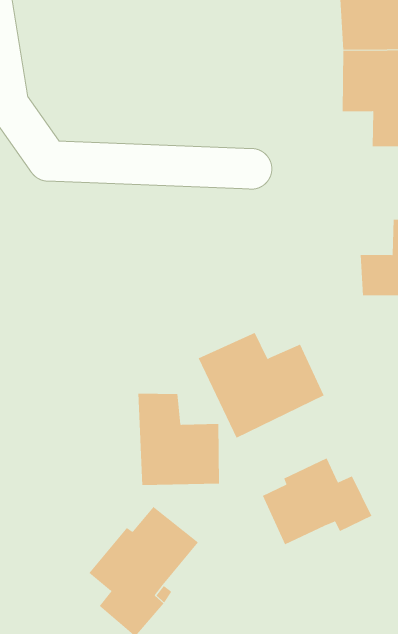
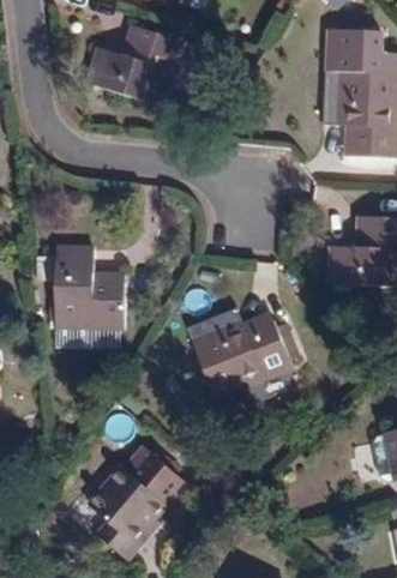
building: none -> [88,24,185,106]
building: [138,393,220,485] -> [55,246,125,327]
building: [262,457,372,545] -> none

